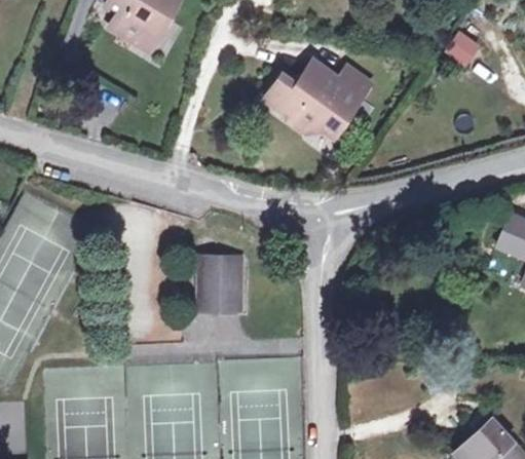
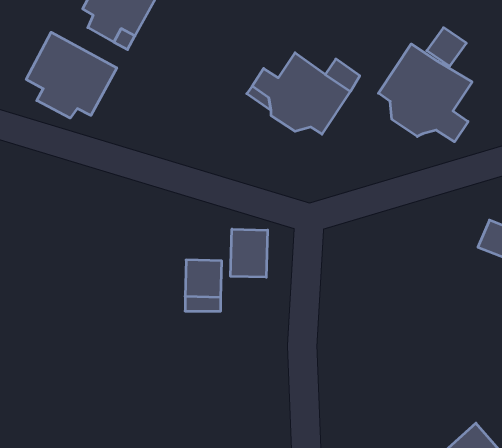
building: none -> [26,32,117,118]
building: none -> [378,44,472,142]
building: none -> [231,229,268,277]

